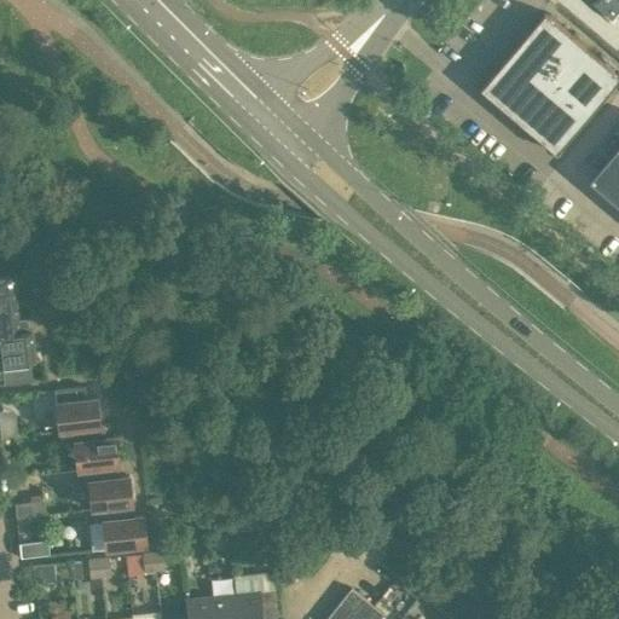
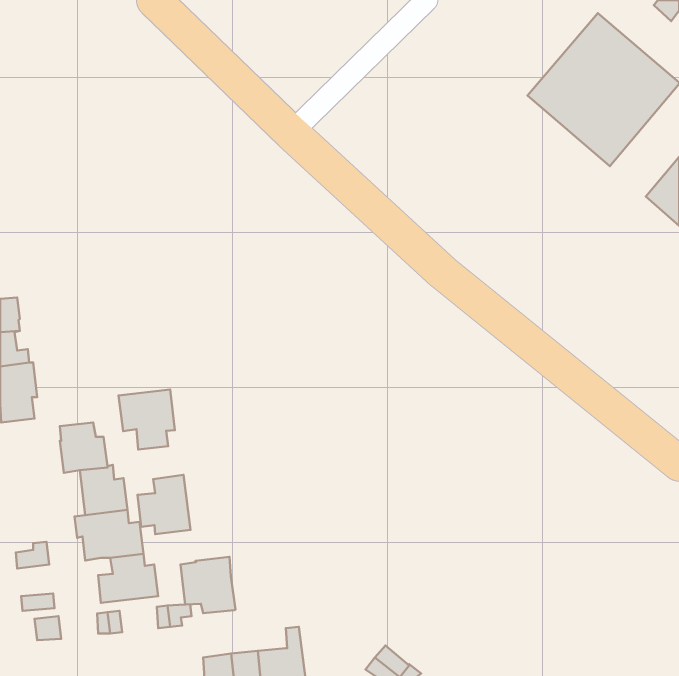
building: none -> [118,389,175,450]
building: none -> [137,475,190,534]
building: none -> [181,557,236,613]

